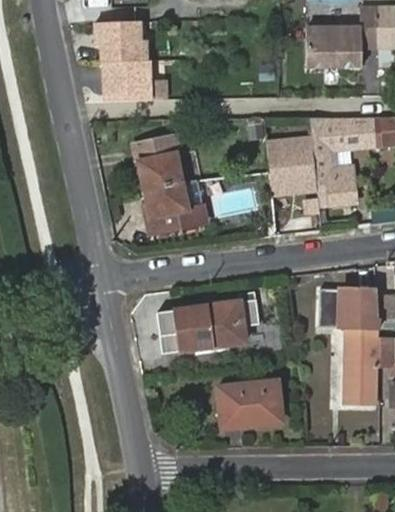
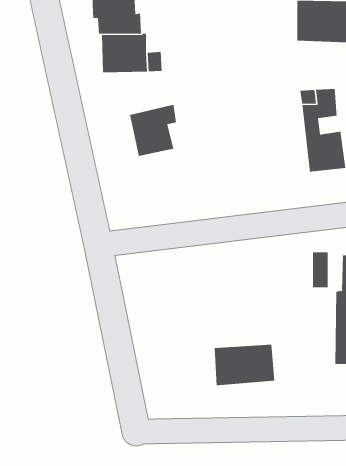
building: [267,135,317,198] -> none
building: [143,179,207,234] -> none
building: [155,297,260,349] -> none

